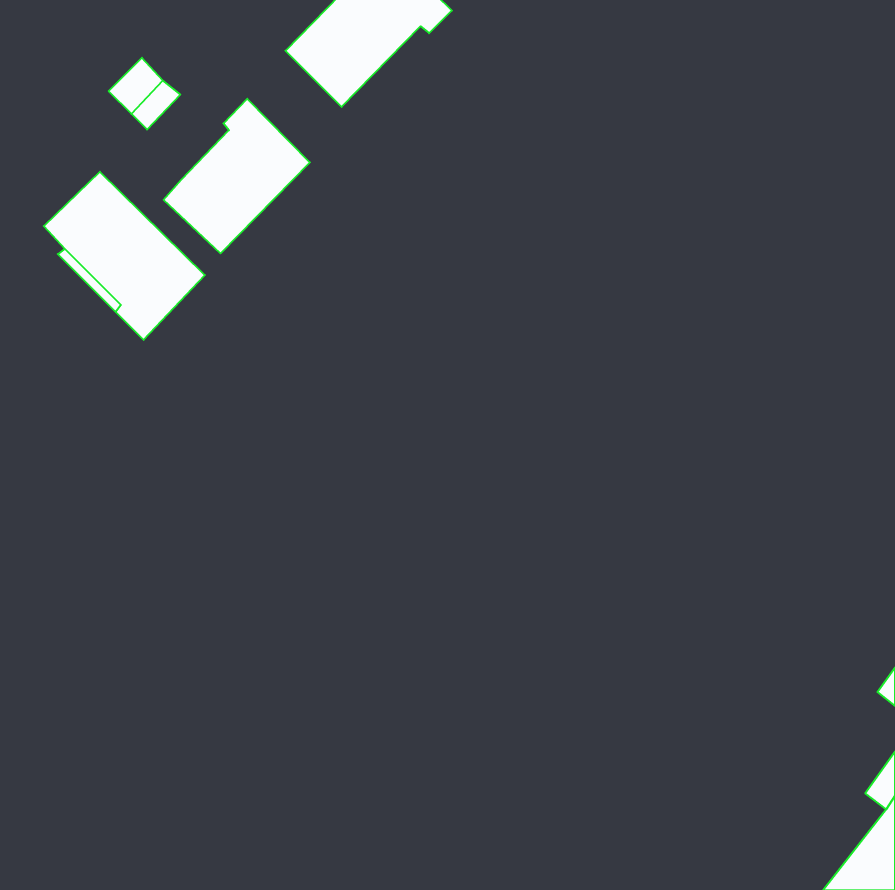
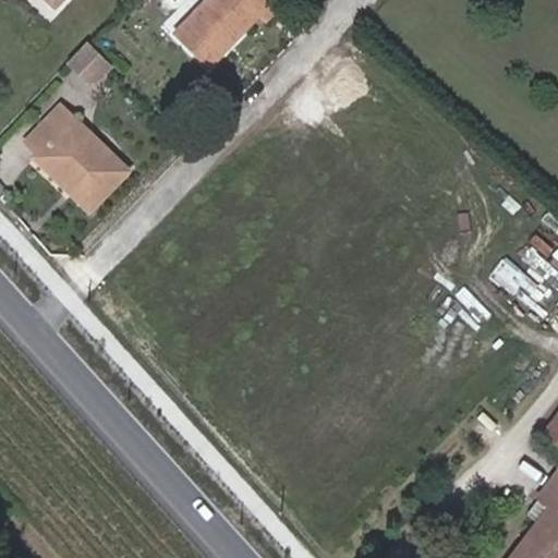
building: [164,99,310,253] -> none

